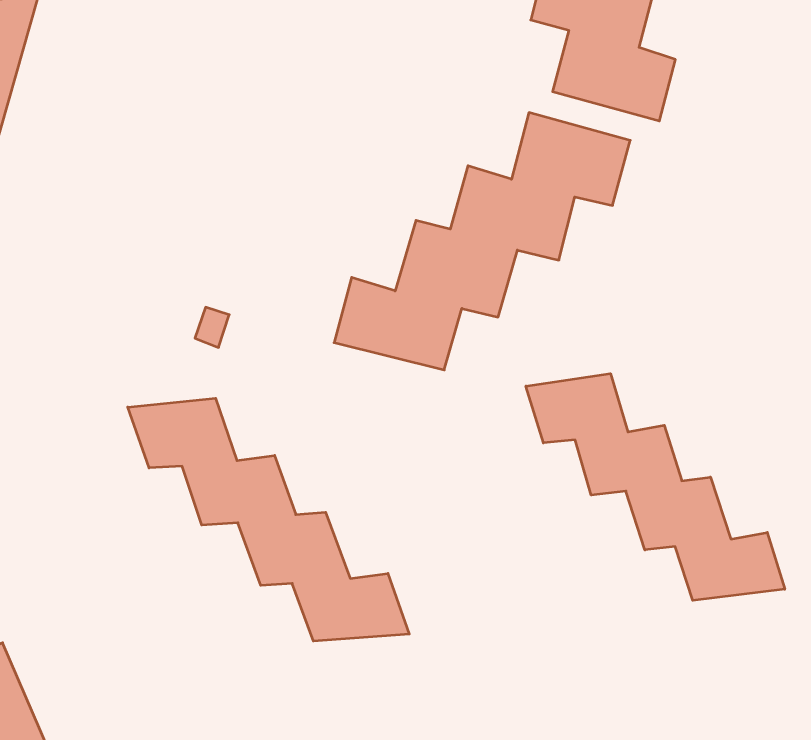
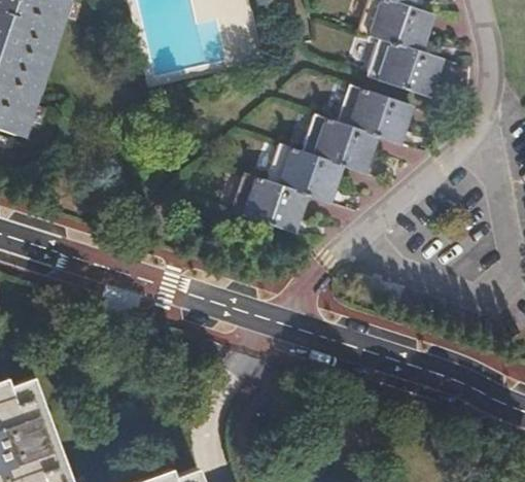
building: [526,374,785,600] -> none
building: [128,398,409,641] -> none

